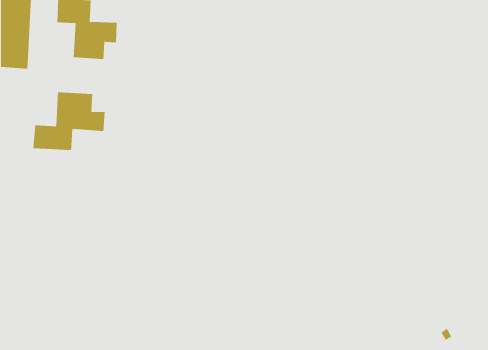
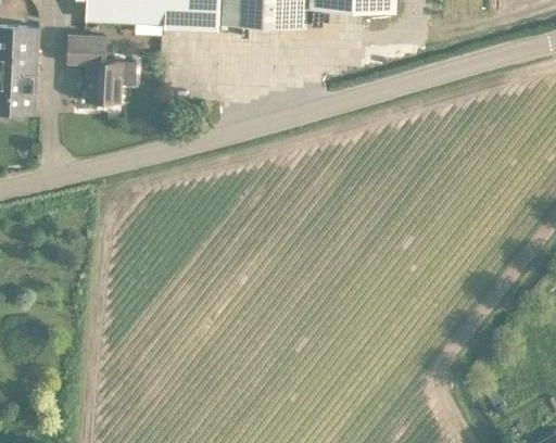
building: [33,92,105,151] -> none

